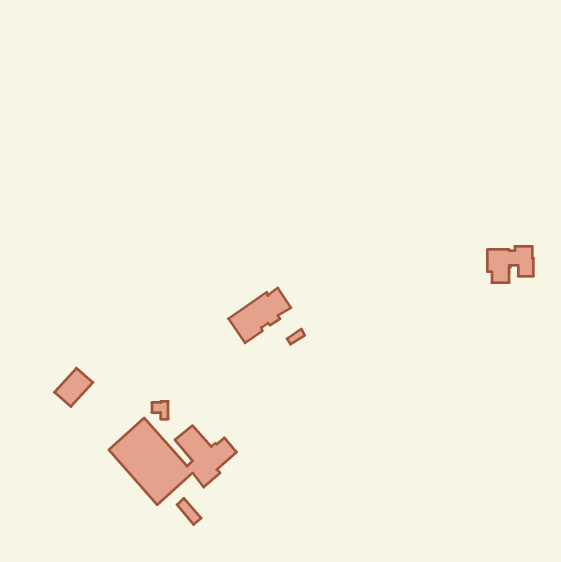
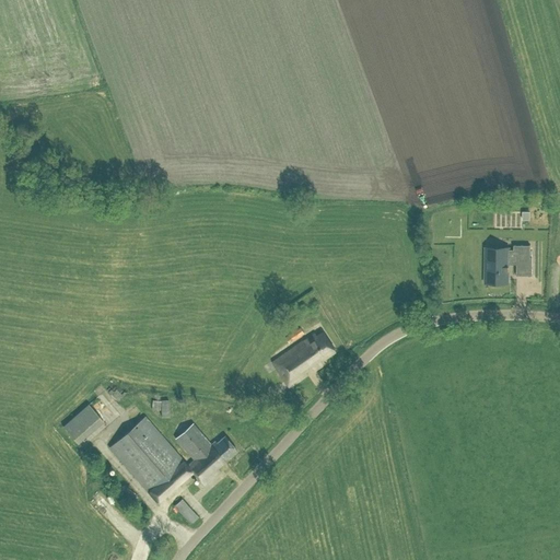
building: [228,288,291,343] -> [272,331,335,386]
building: [54,368,93,407] -> [65,400,103,439]

